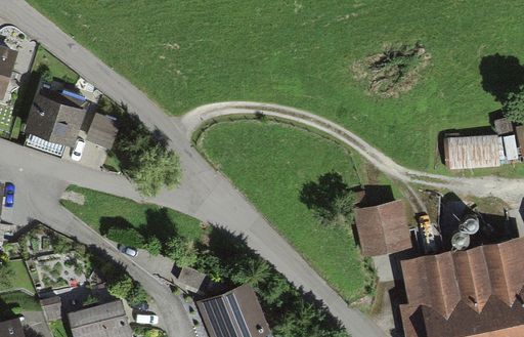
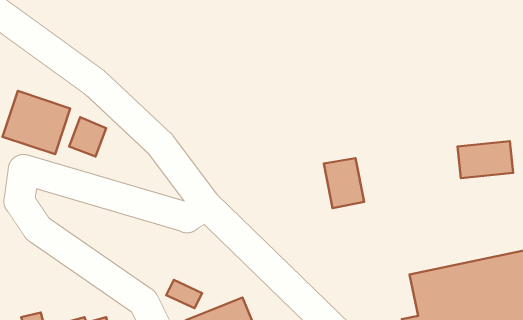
building: [361,203,399,250] -> [324,158,364,208]

